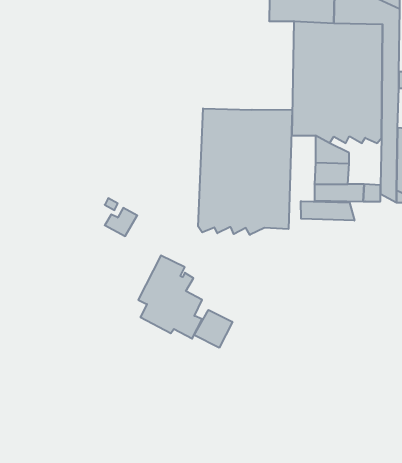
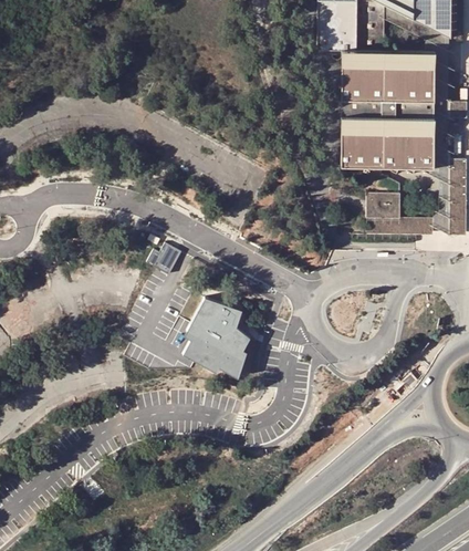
building: [198,108,292,235] -> none
building: [301,201,354,221] -> none
building: [194,310,232,348] -> none

